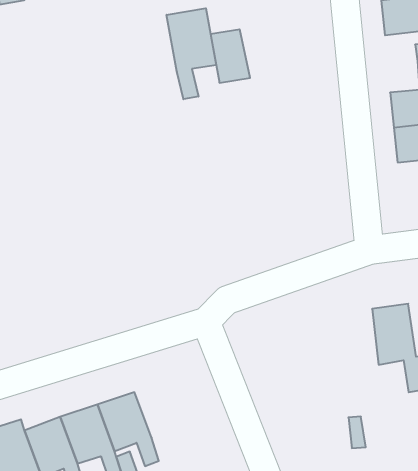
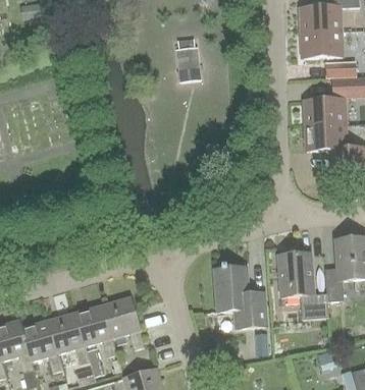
building: [167,8,216,99] -> none
building: none -> [215,266,267,328]
building: none -> [103,296,146,350]

